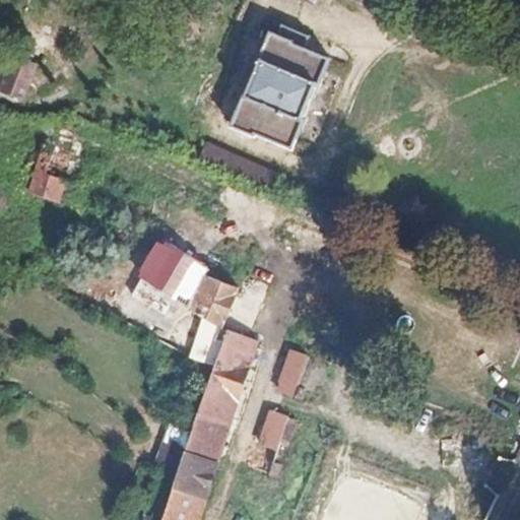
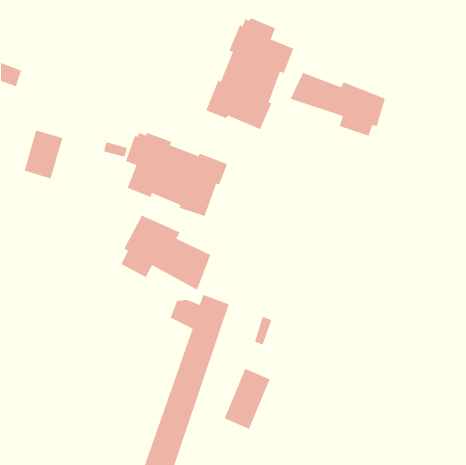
building: none -> [290,72,385,137]
building: none -> [125,132,228,217]

